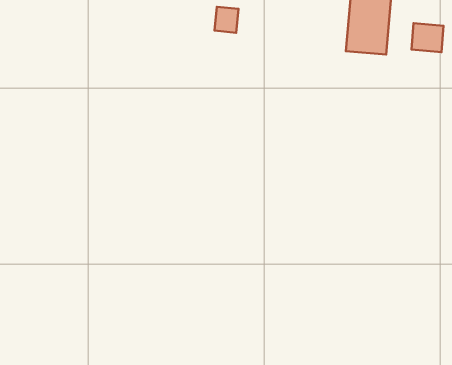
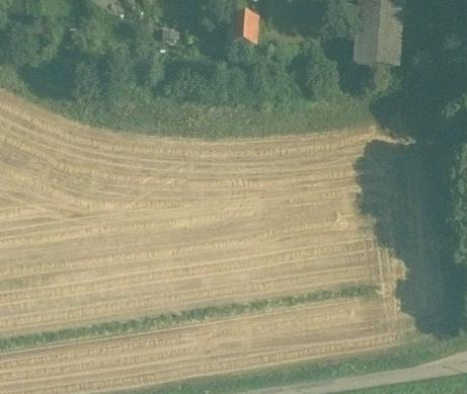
building: [411,23,444,52] -> none

